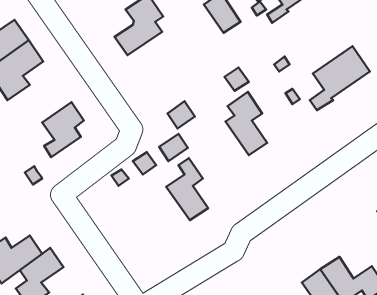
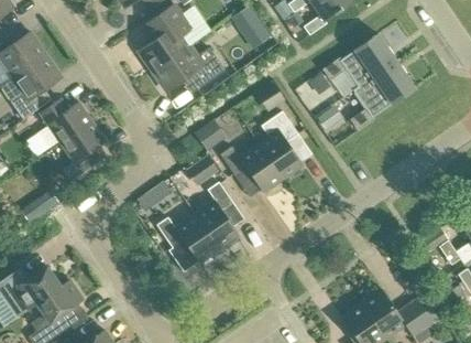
building: none -> [322,33,396,90]
building: none -> [153,45,226,92]
building: none -> [37,98,92,149]
building: none -> [220,142,284,193]
building: none -> [156,213,220,264]

